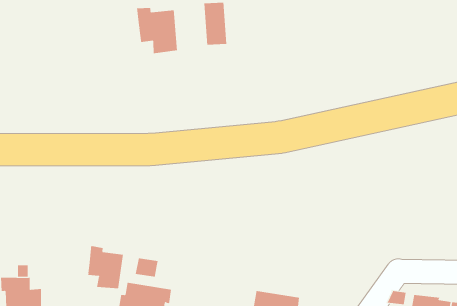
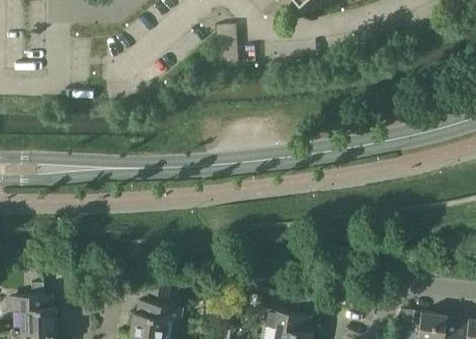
building: [136,7,177,54] -> none
building: [88,245,124,289] -> none

